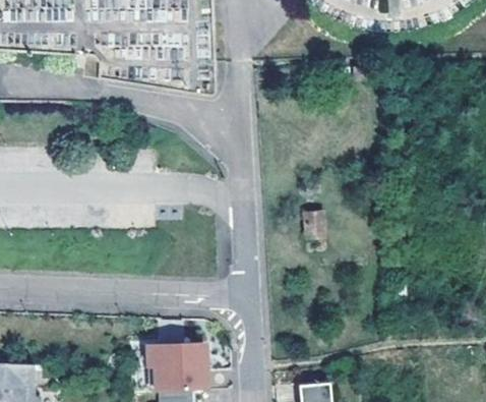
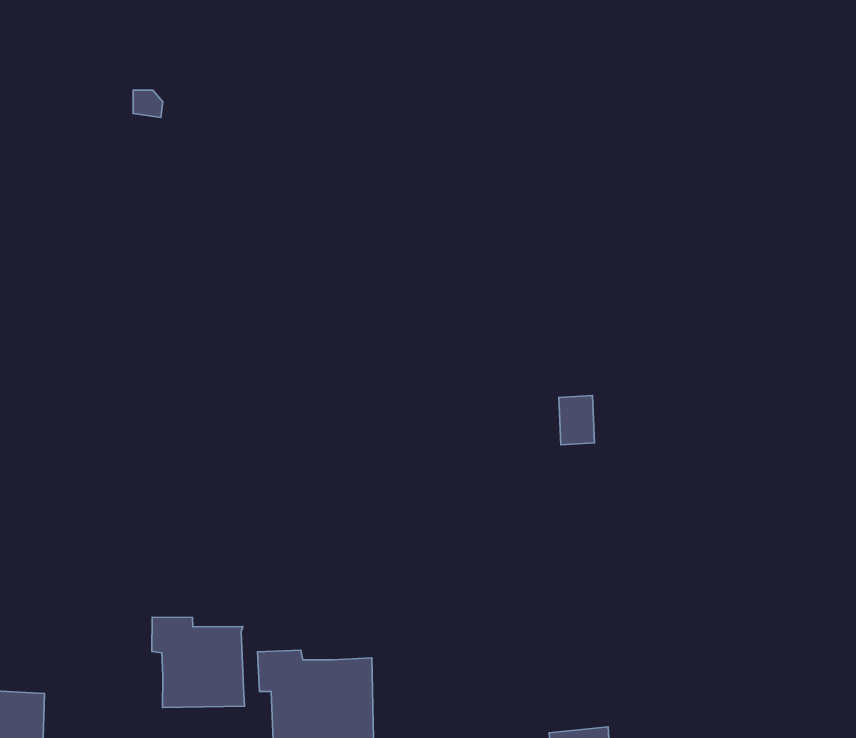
building: none -> [152,617,245,708]

